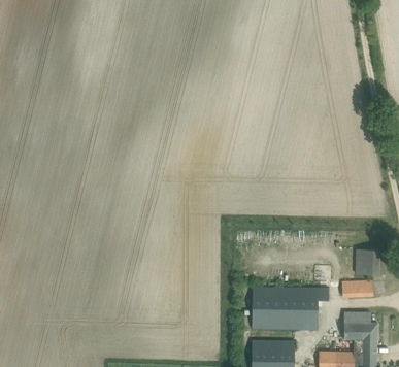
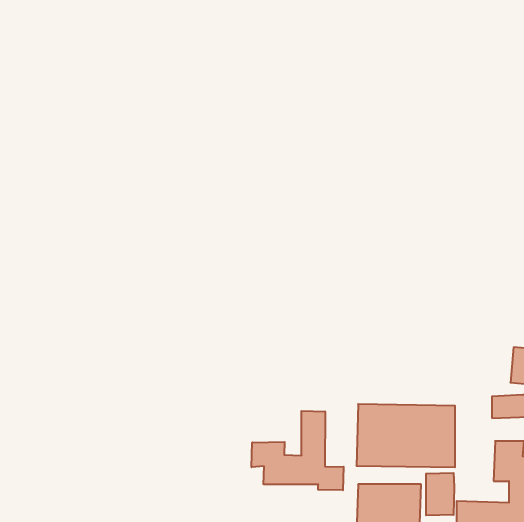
building: none -> [252,411,344,490]
building: none -> [426,473,454,515]

